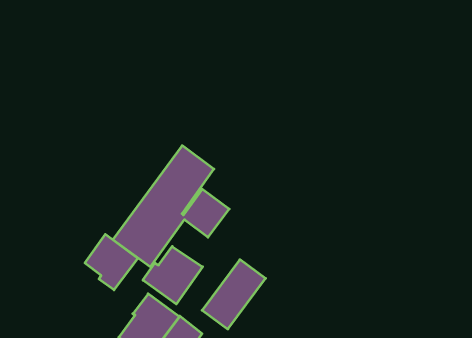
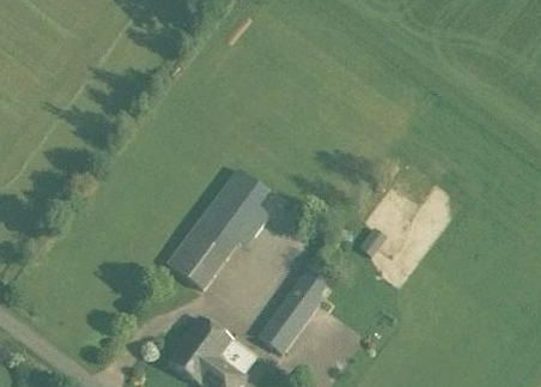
building: [85,234,138,290] -> none
building: [143,246,203,304] -> none

